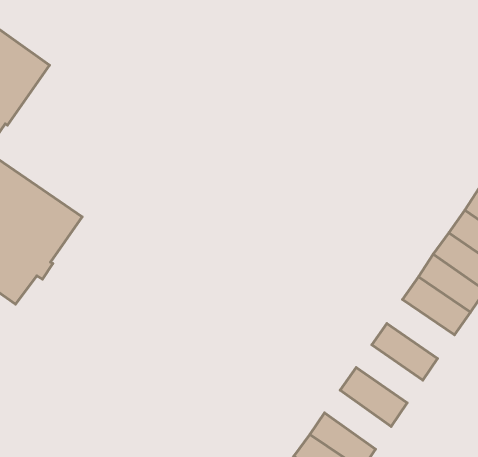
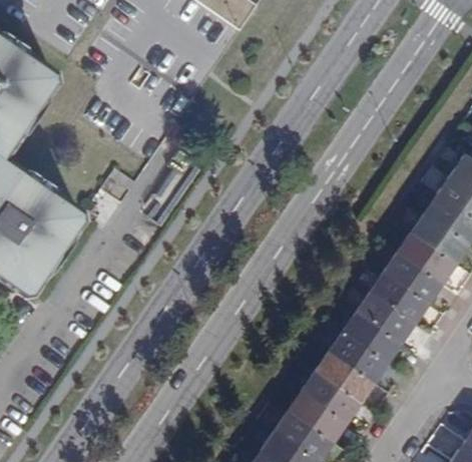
building: none -> [356,291,416,343]
building: none -> [329,331,388,382]
building: none -> [301,371,360,423]

